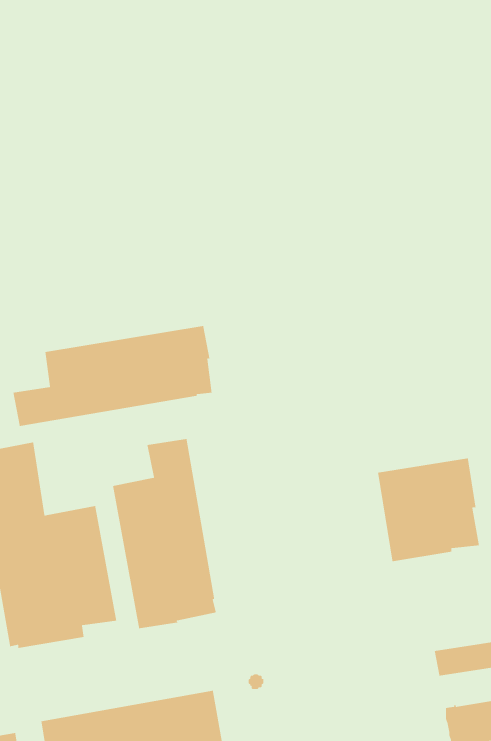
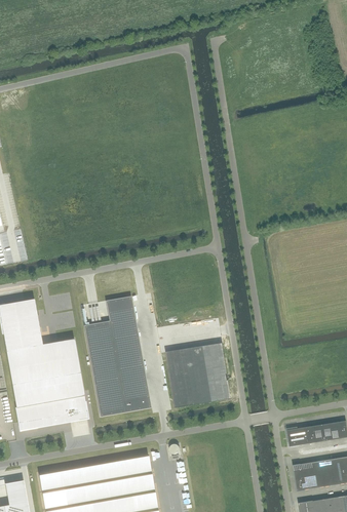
building: [13,325,212,427] -> none
building: [377,458,480,562] -> [165,343,230,408]

